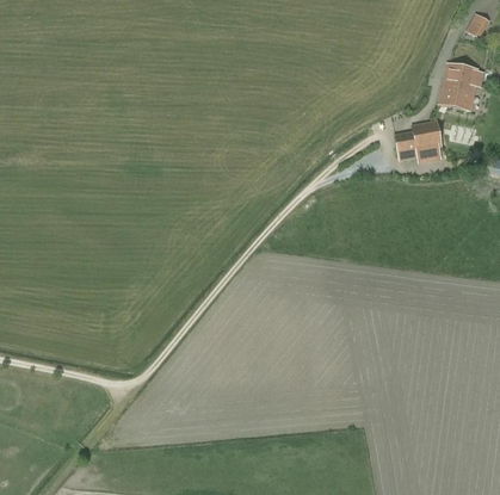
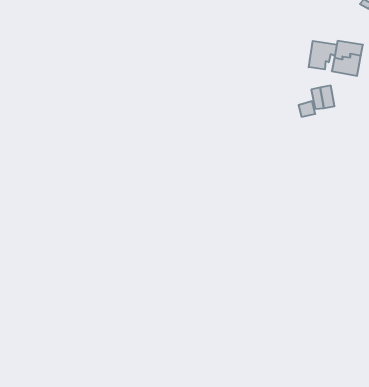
building: none -> [309,41,337,69]

